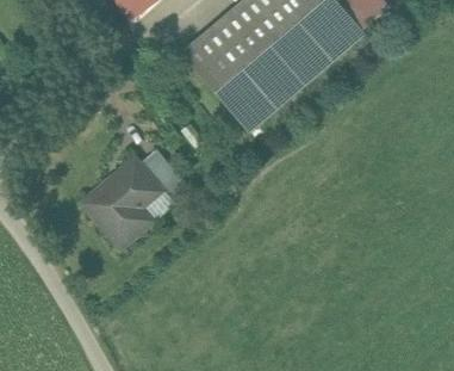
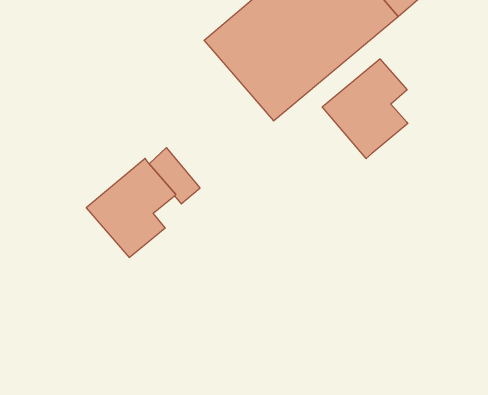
building: none -> [322,59,408,159]

